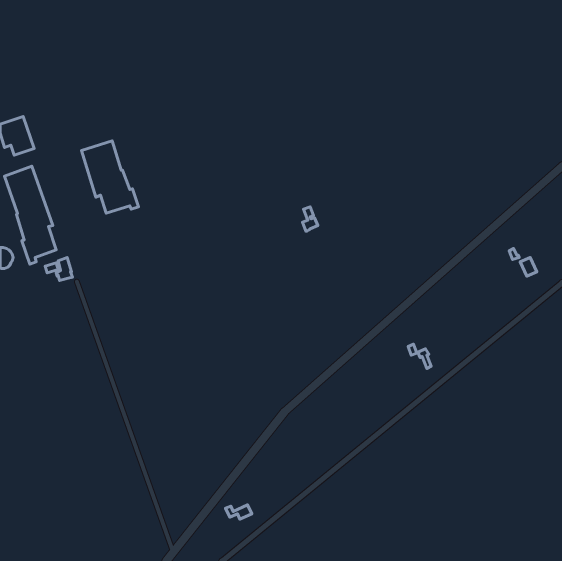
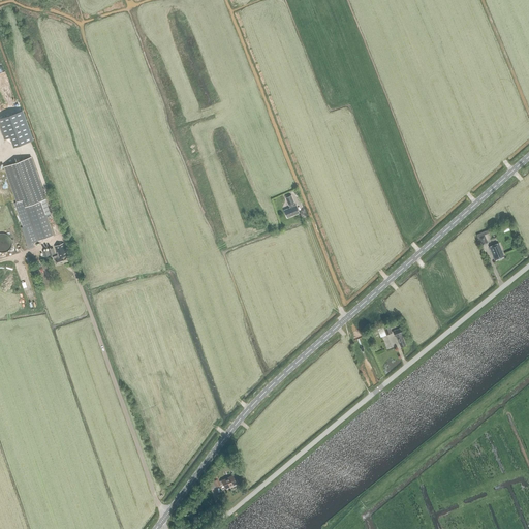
building: [81,141,138,213] -> none

